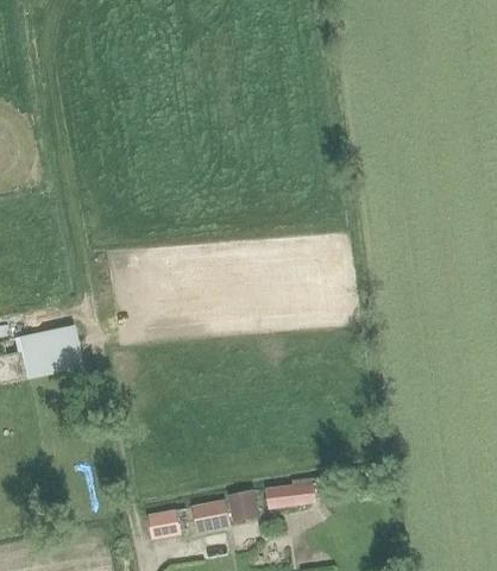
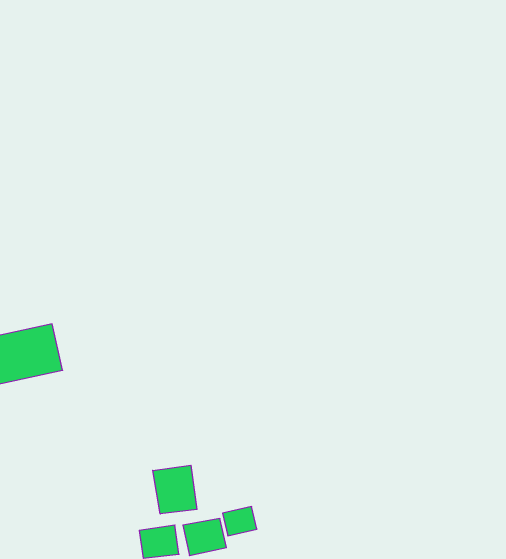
building: none -> [153,465,197,514]
building: [263,479,314,510] -> none

